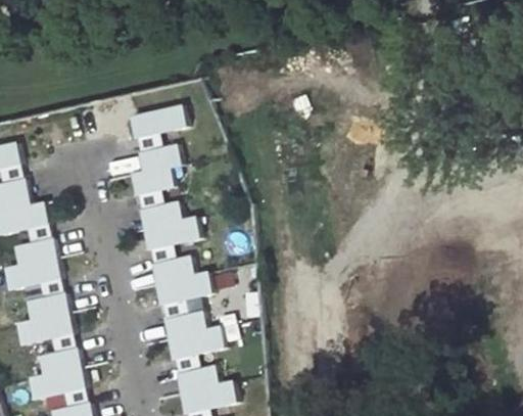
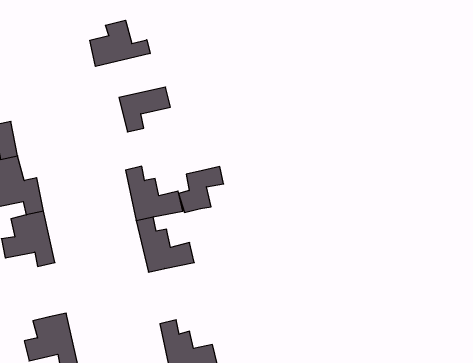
building: none -> [90,20,150,66]
building: [132,145,180,194] -> [179,167,224,212]
building: [17,293,75,352] -> none
building: [162,299,224,359] -> none

